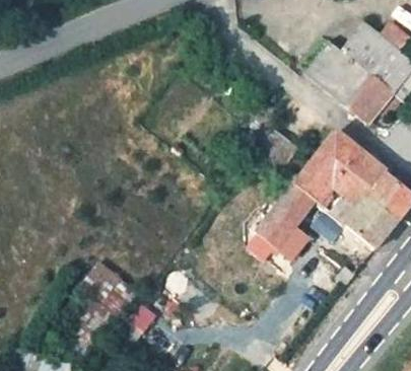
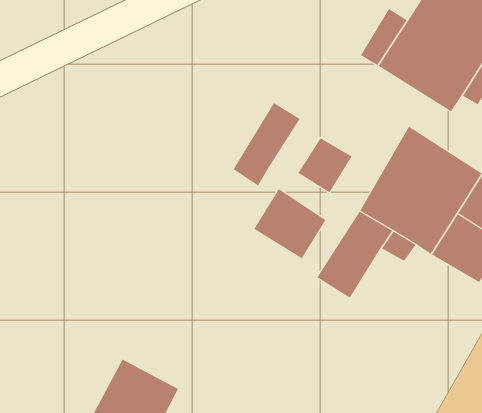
building: none -> [233,102,300,186]
building: none -> [254,188,326,259]

